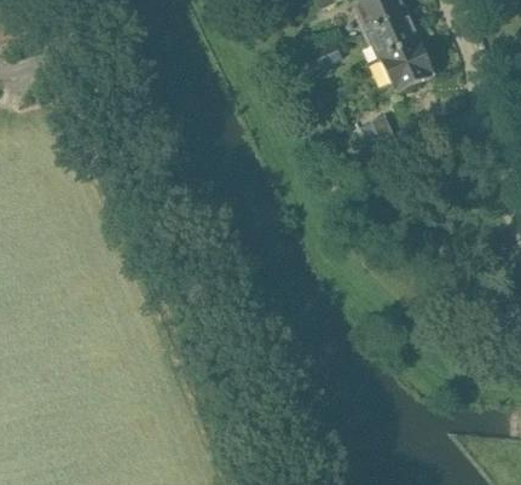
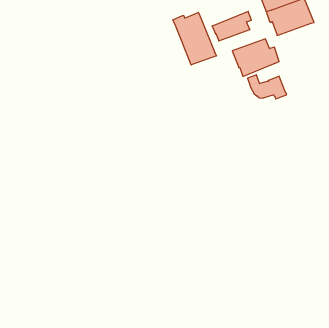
building: none -> [173,12,216,65]
building: [378,41,439,91] -> [232,39,279,76]

